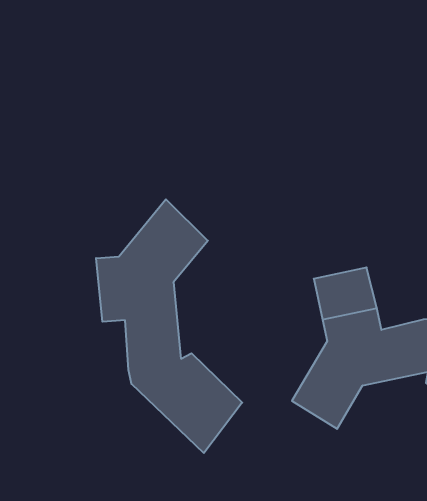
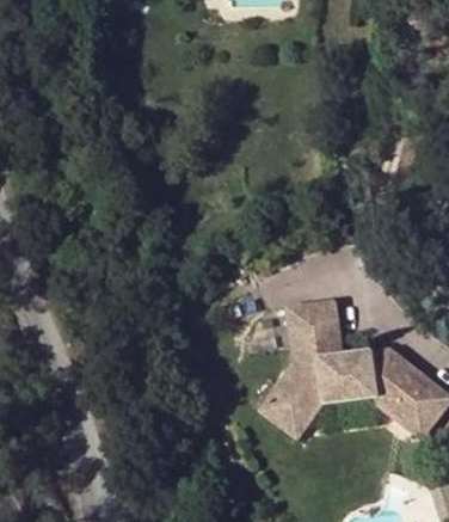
building: [96,199,242,453] -> none

